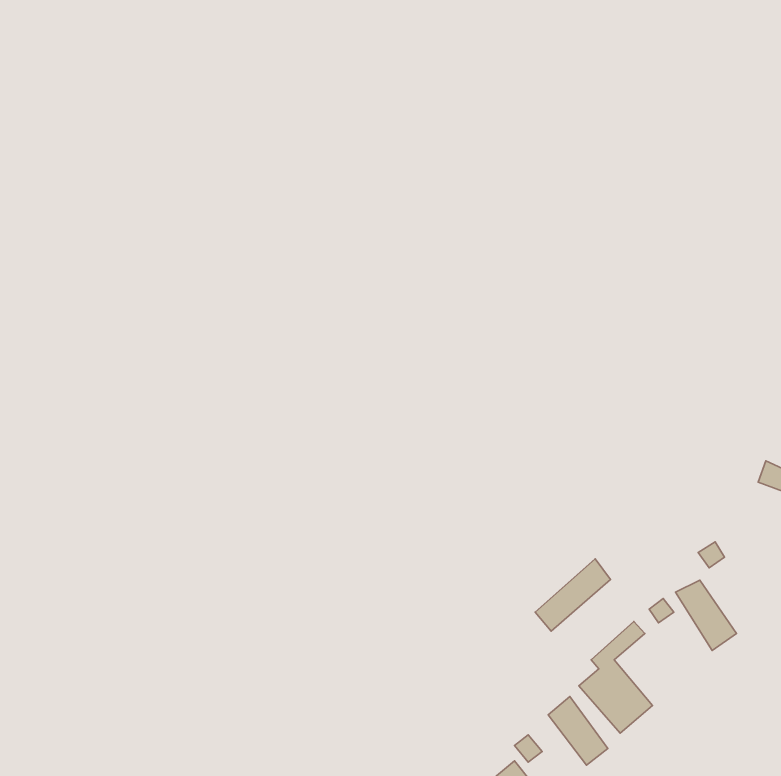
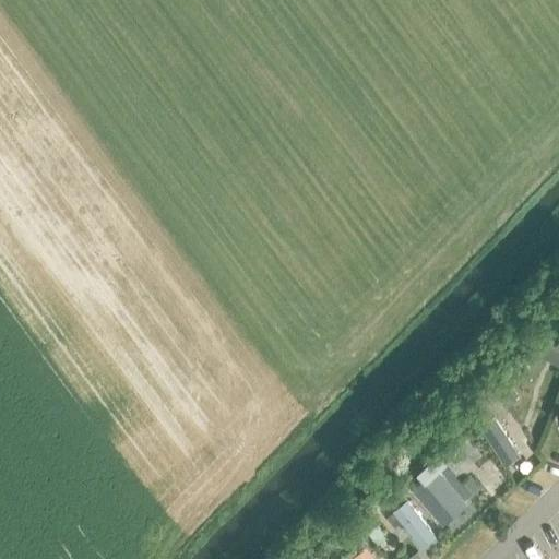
building: [535,559,611,631] -> none

